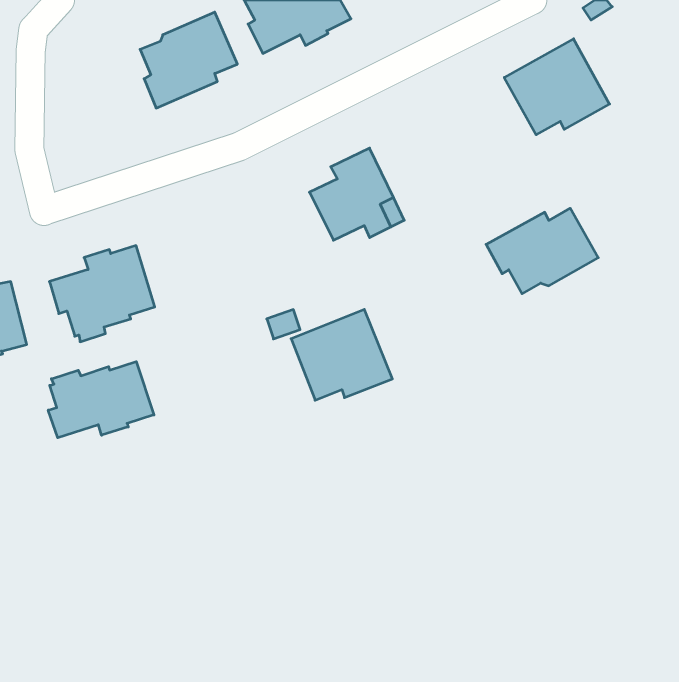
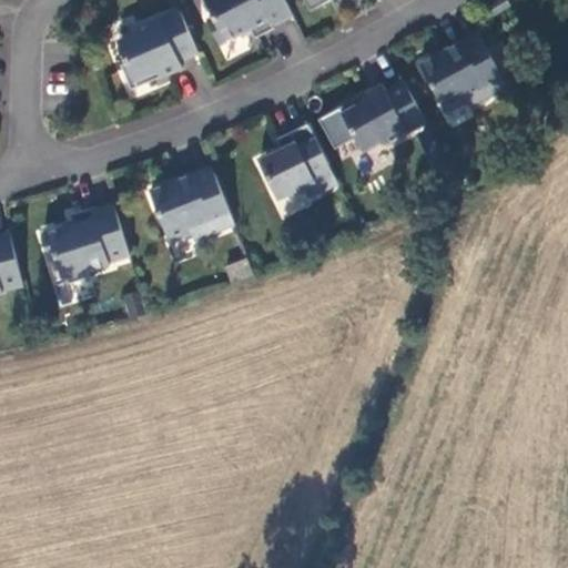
building: [486,208,598,294] -> [333,81,426,152]
building: [291,309,392,400] -> [149,166,233,242]
building: [48,362,154,438] -> none

